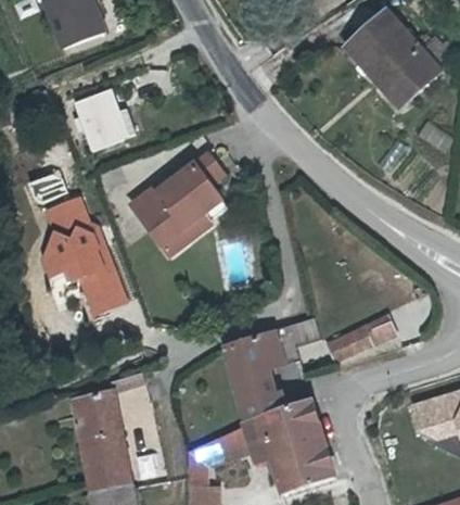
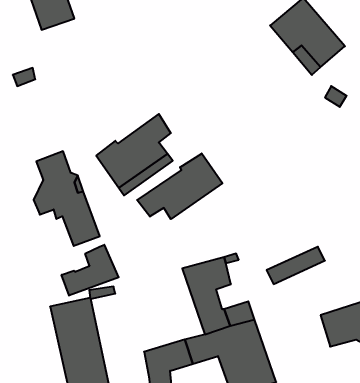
building: [72,92,131,152] -> none
building: none -> [137,153,222,219]
building: none -> [62,245,119,296]

